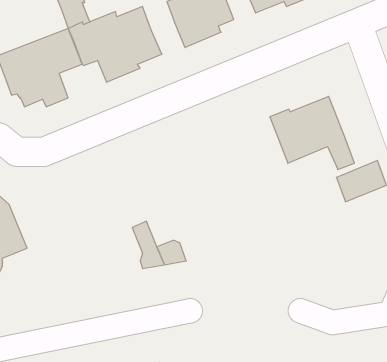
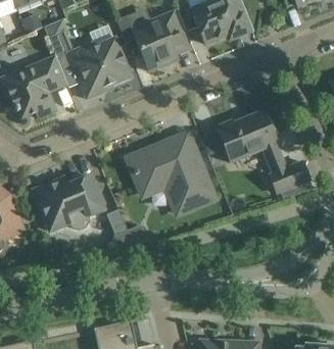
building: none -> [129,141,213,212]
building: none -> [34,176,104,230]

